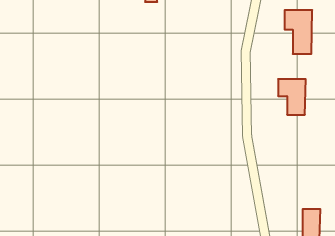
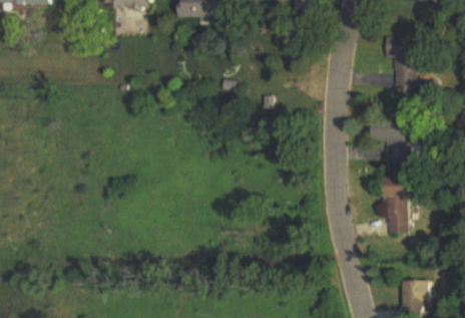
building: none -> [383,174,410,232]

